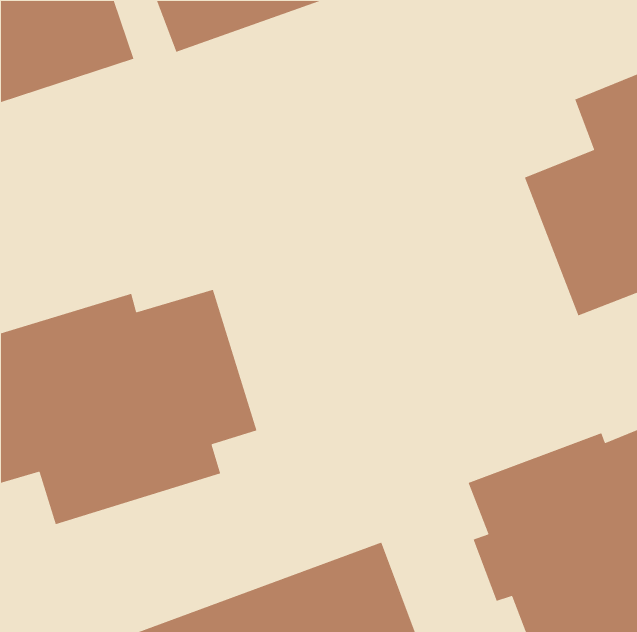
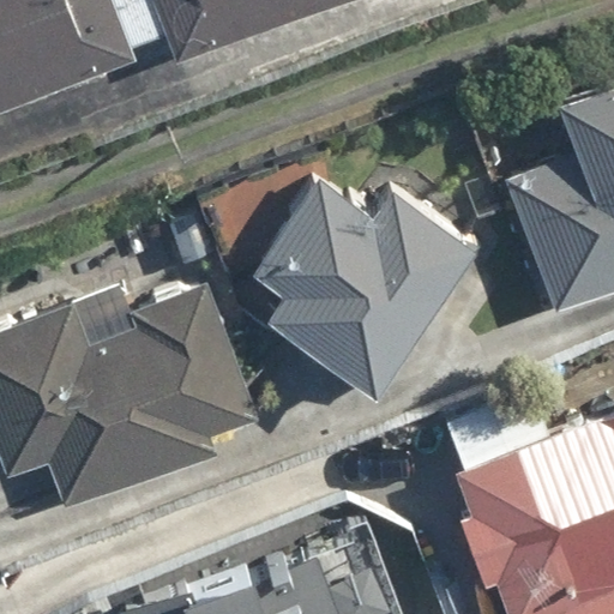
building: none -> [242,177,470,389]

